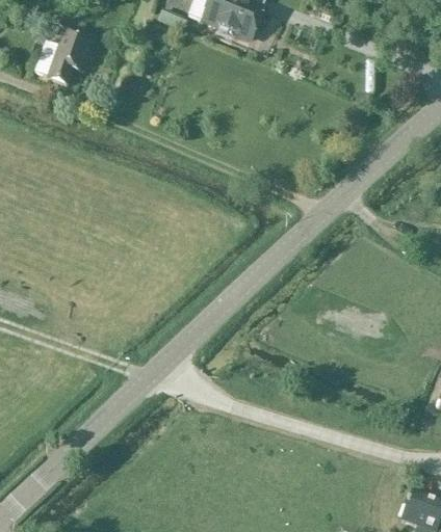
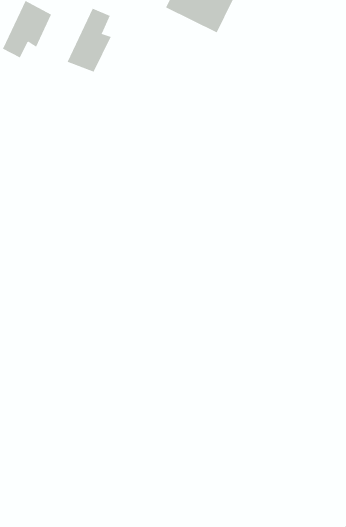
building: none -> [67,8,111,73]

